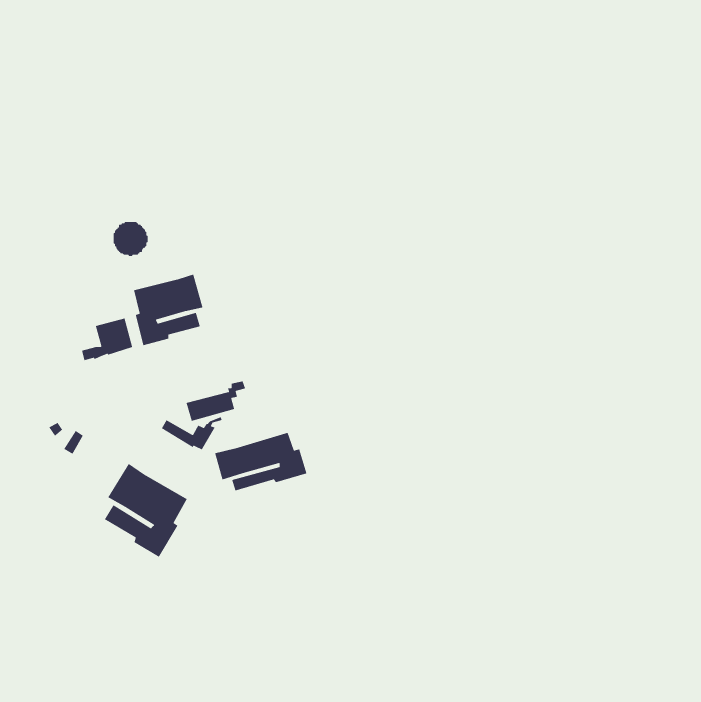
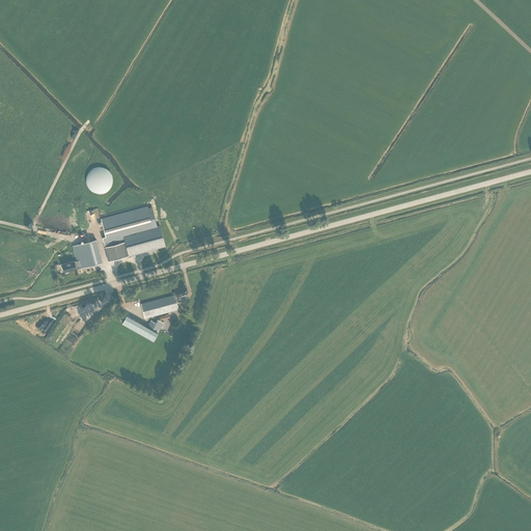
building: [214,432,307,492] -> none
building: [104,463,188,558] -> none

